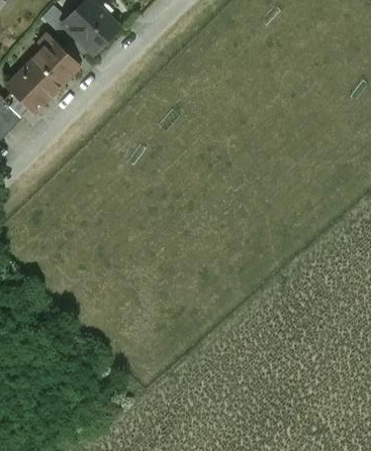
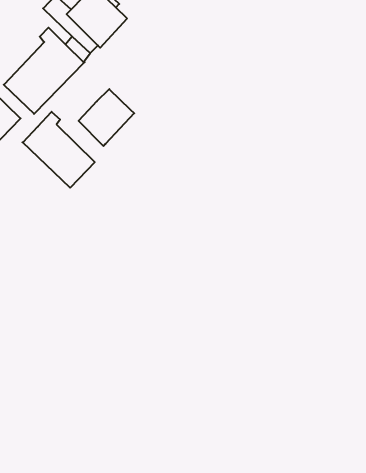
building: none -> [79,89,134,146]
building: none -> [22,112,95,188]

